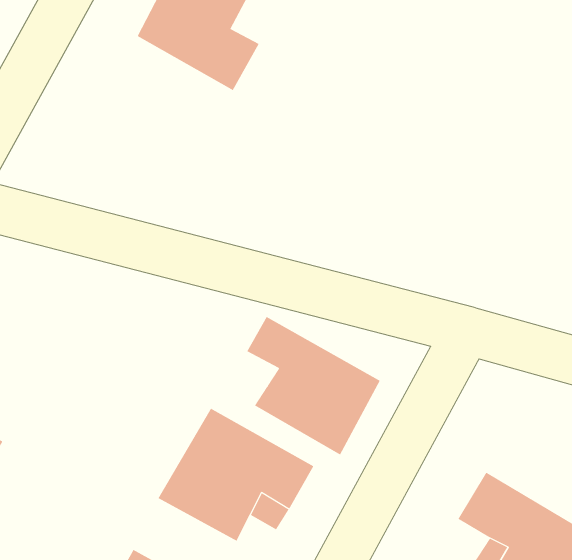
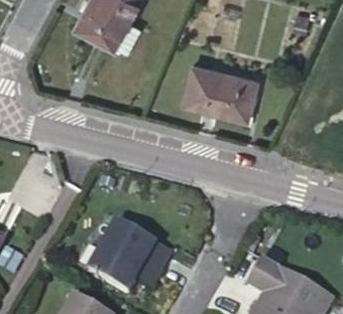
building: none -> [184,61,257,117]
building: [247,316,381,456] -> none

